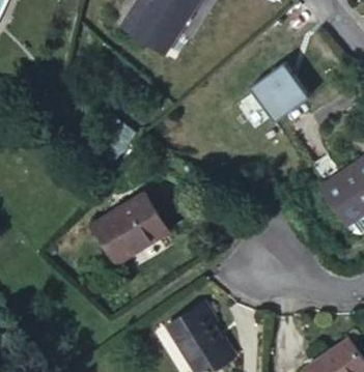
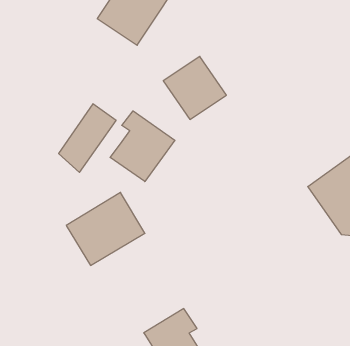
building: [252,65,311,124] -> [163,56,226,119]
building: none -> [110,111,175,182]

